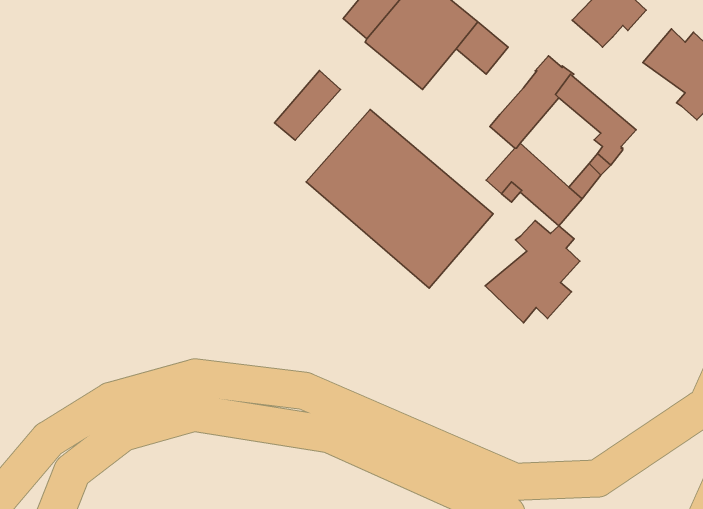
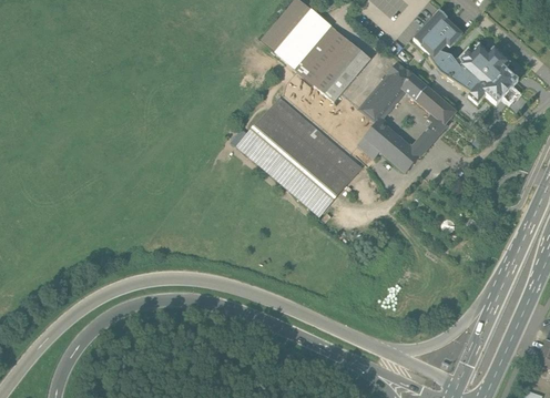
building: none -> [429,50,488,104]
building: none -> [315,58,357,101]
building: [274,70,341,140] -> none
building: [485,221,580,323] -> none

